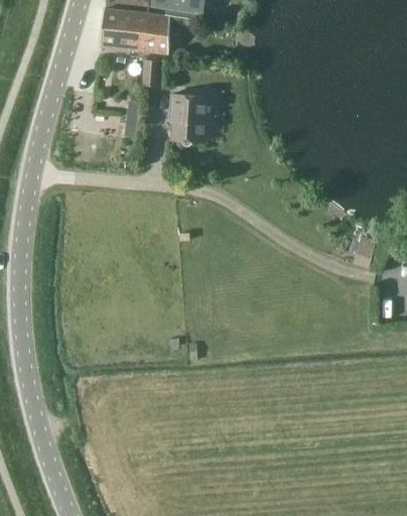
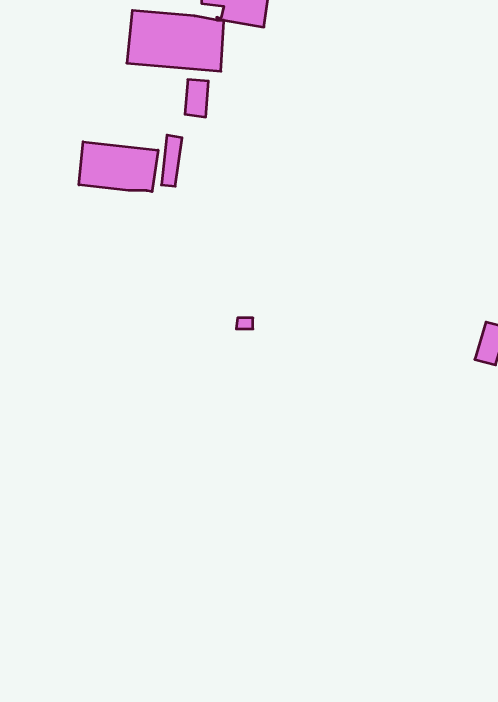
building: [171,93,209,141] -> none
building: none -> [79,142,158,192]

